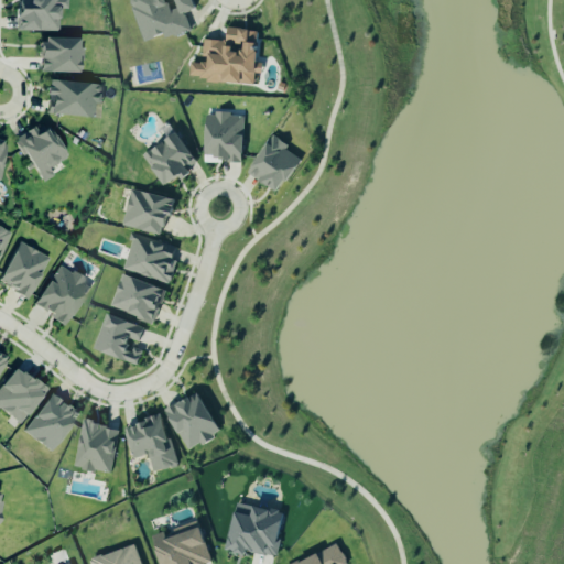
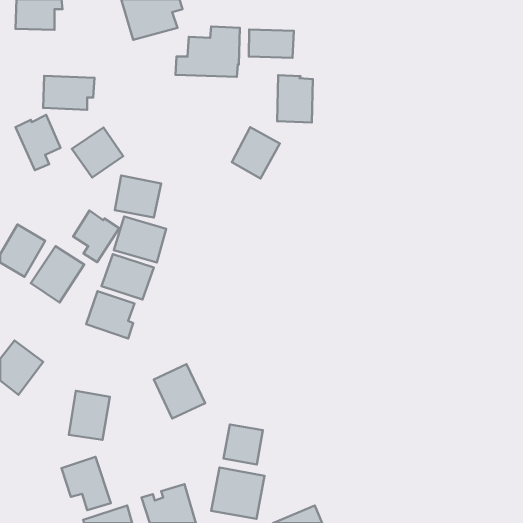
building: none -> [249,29,294,58]
building: [41,40,80,74] -> none
building: [206,111,245,162] -> [277,75,313,122]
building: [143,131,198,185] -> [72,127,123,178]
building: none -> [73,211,119,262]
building: [25,393,78,452] -> none
building: [126,414,178,471] -> [62,457,111,510]
building: none -> [223,424,263,465]

